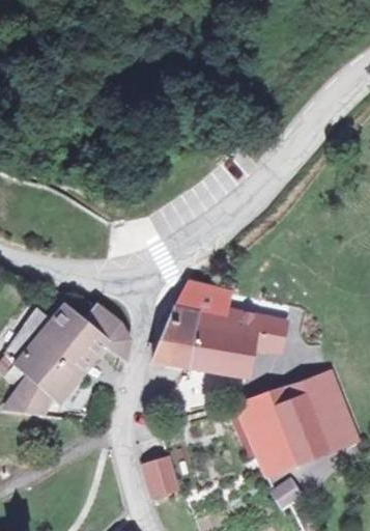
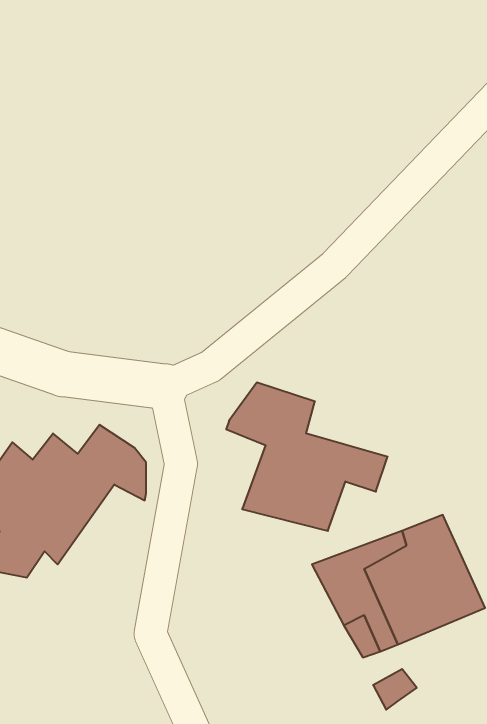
building: [151,309,203,366] -> none
building: [145,459,184,498] -> none

